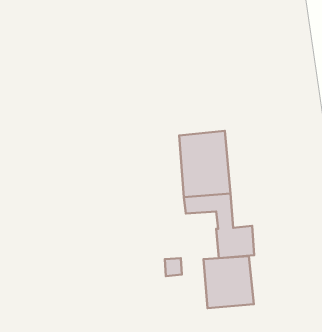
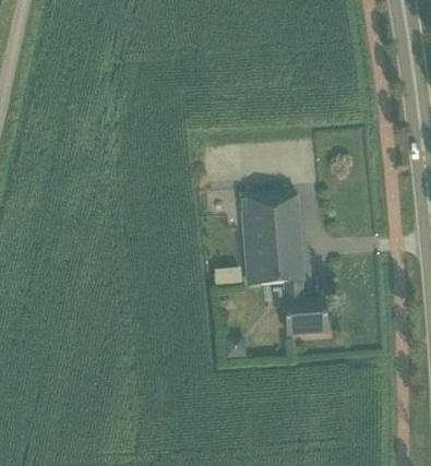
building: [203,256,254,308] -> none

